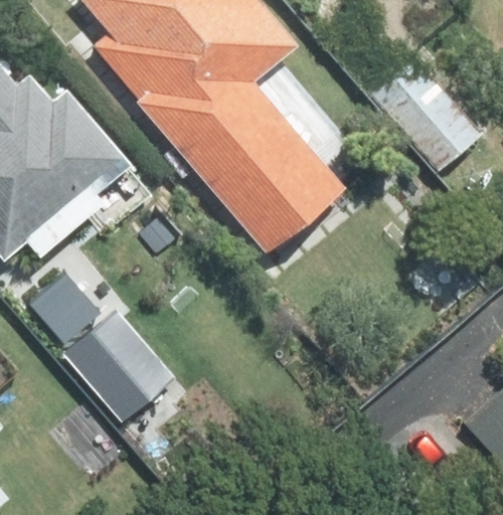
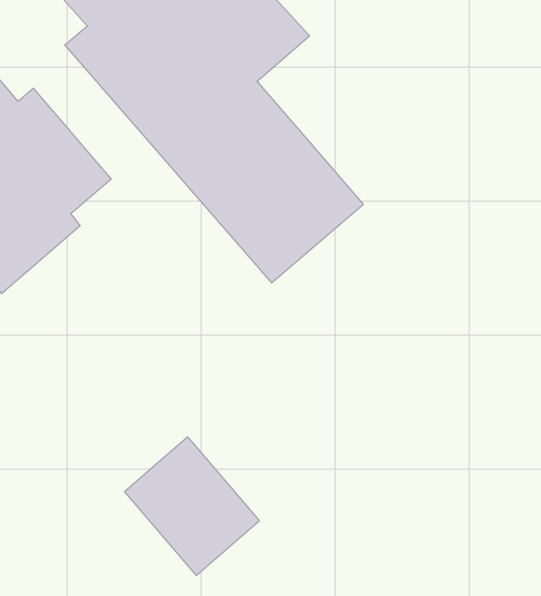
building: [365,55,482,175] -> none
building: [60,309,174,425] -> [124,437,259,575]

